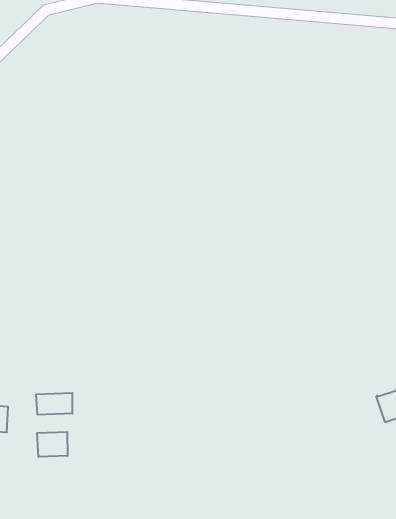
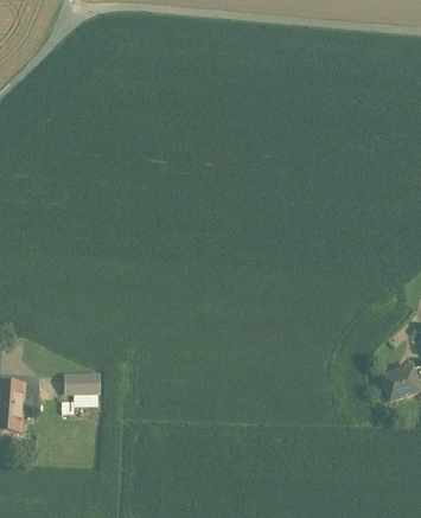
building: [37,432,68,457] -> none

